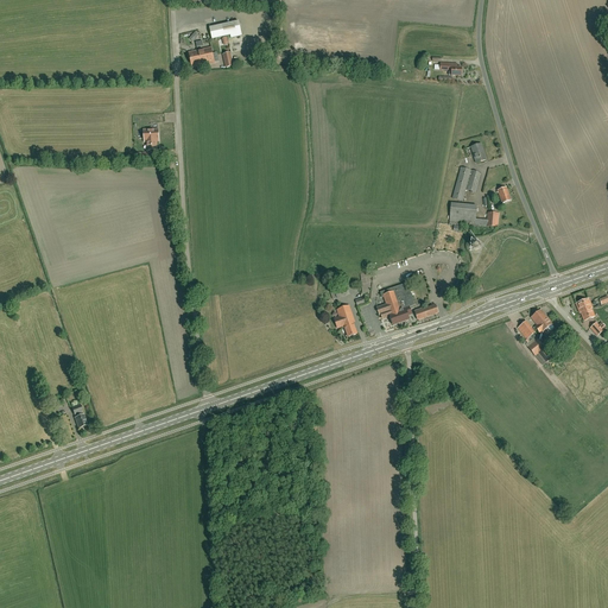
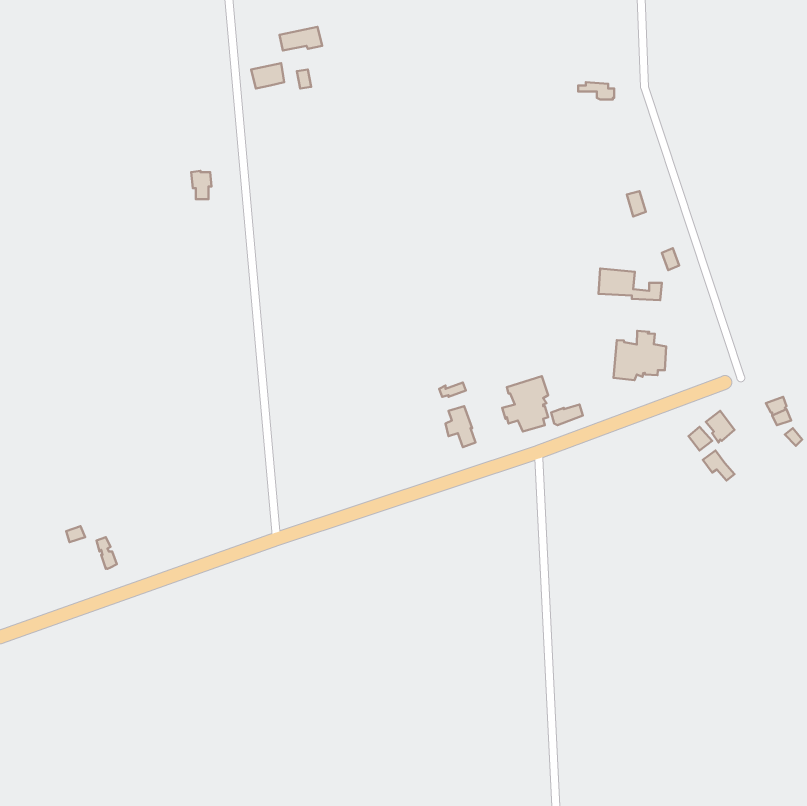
building: [452,166,481,201] -> none
building: none -> [613,331,666,380]

